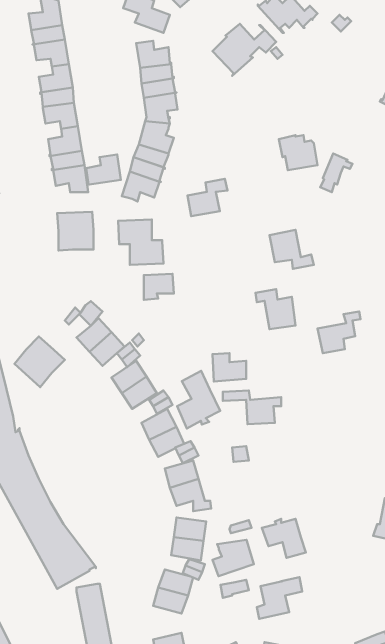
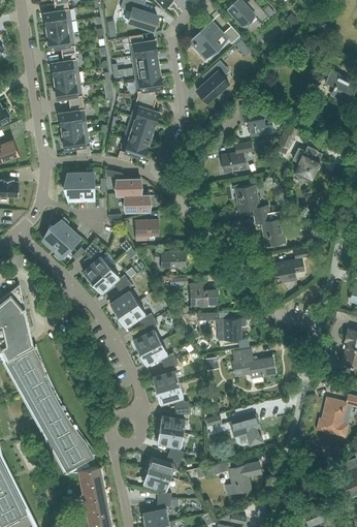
building: none -> [196,61,228,102]
building: [86,154,121,185] -> none
building: [187,179,228,216] -> [221,143,253,173]
building: none -> [294,146,322,182]
building: [255,289,296,329] -> [254,213,286,245]
building: none -> [154,251,186,268]
building: [14,337,65,387] -> [41,218,82,258]
building: [177,371,220,428] -> none
building: none -> [232,349,275,379]
building: [213,540,254,576] -> none

